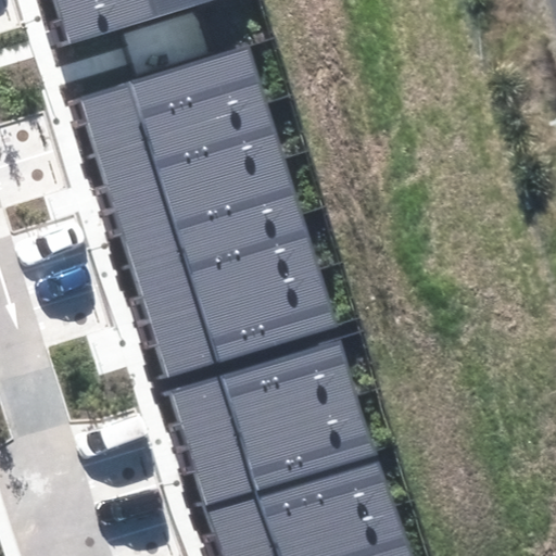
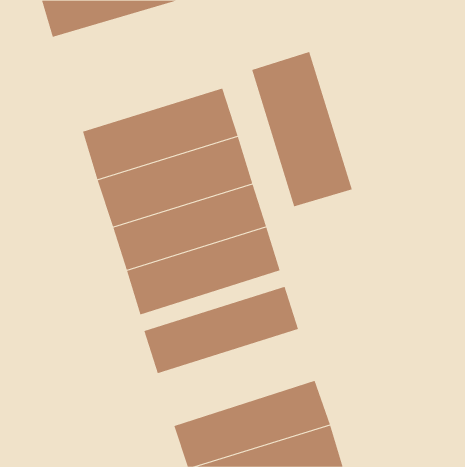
building: [79,47,265,156] -> none
building: none -> [252,51,352,207]
building: [187,391,375,506] -> none

